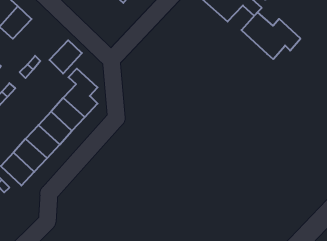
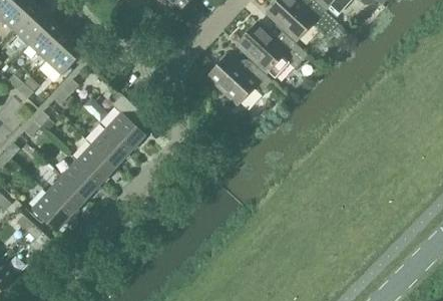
building: [241,12,300,59] -> [237,22,306,77]
building: none -> [206,55,271,107]
building: [49,40,82,74] -> [45,35,83,74]

